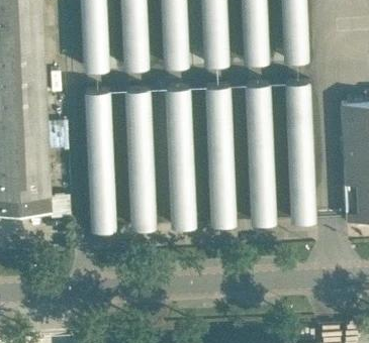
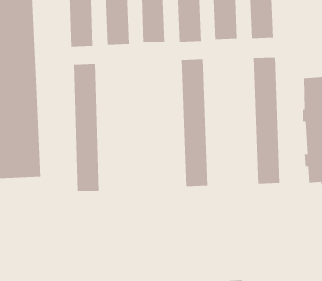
building: [246,84,275,225] -> none
building: [165,87,195,229] -> none
building: [125,89,155,230] -> none

